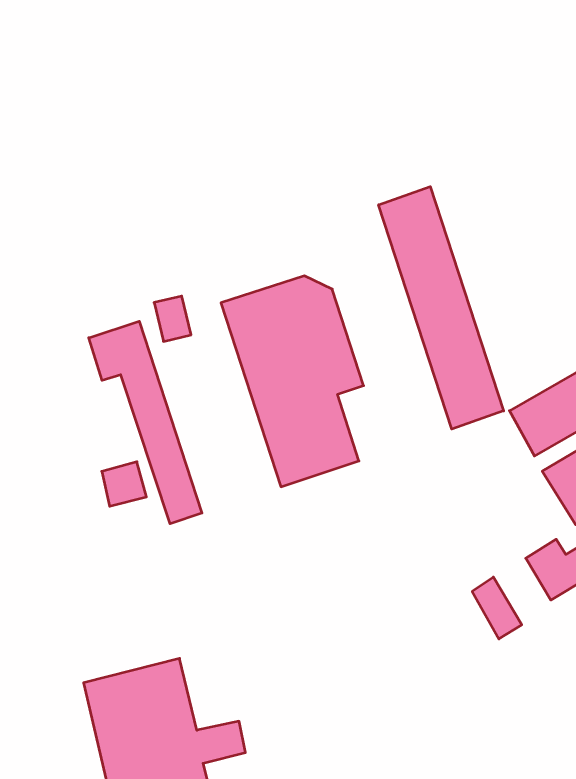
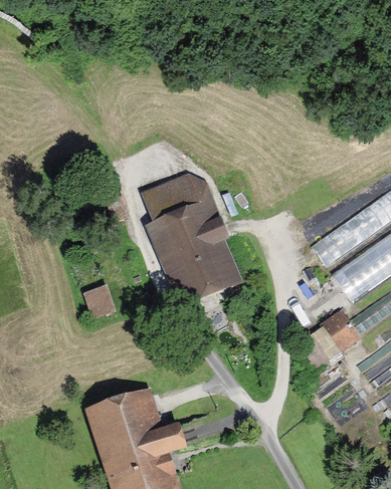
building: [379,187,504,429] -> none
building: [89,321,202,524] -> none

